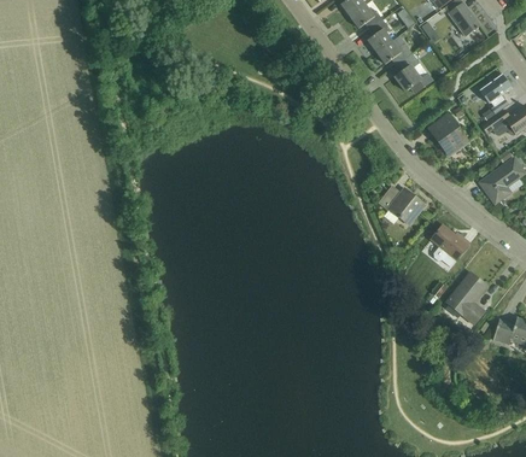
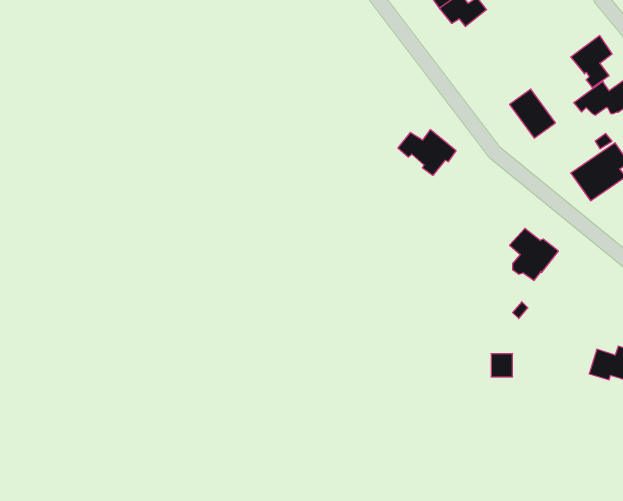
building: [394,52,432,93] -> none
building: [379,187,425,223] -> [398,130,456,175]
building: [446,271,487,324] -> none

